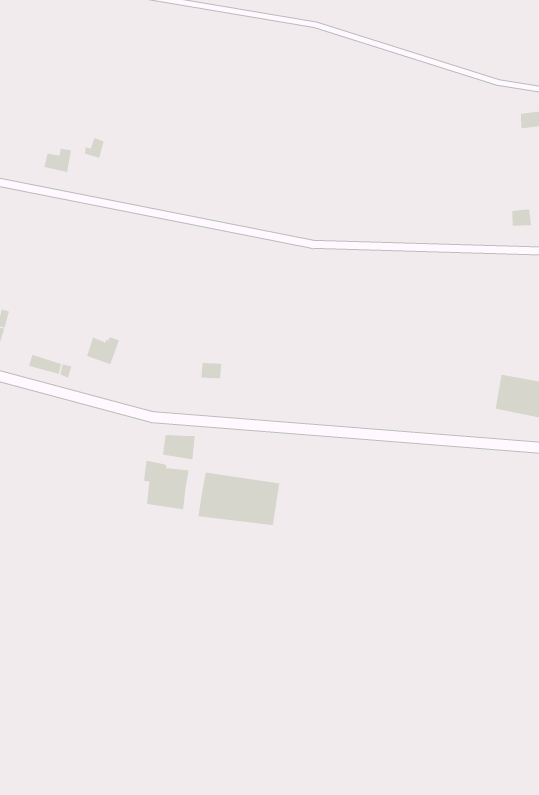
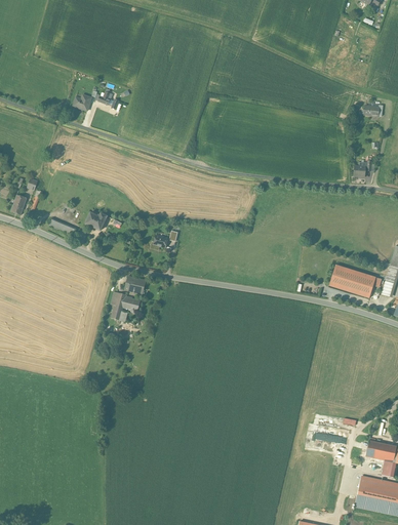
building: [198,472,280,526] -> none

